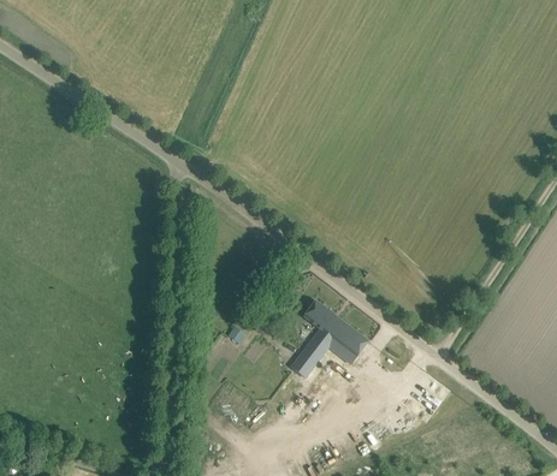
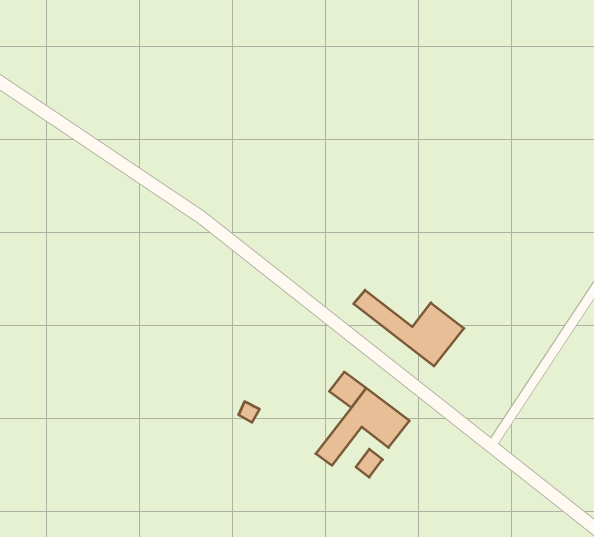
building: none -> [354,290,464,366]

